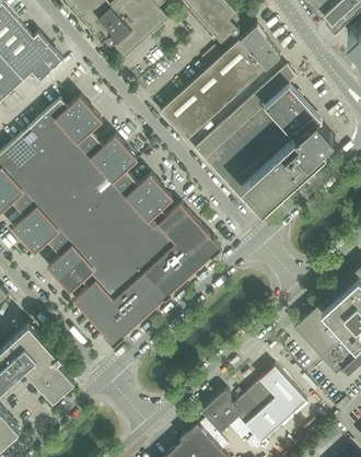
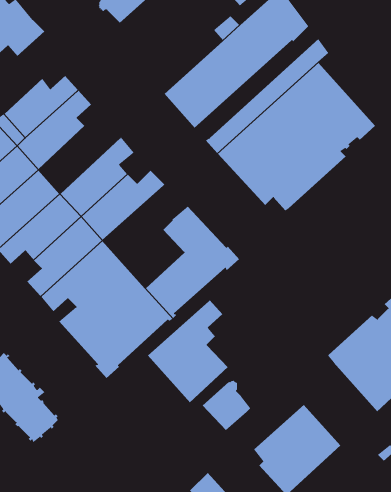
building: [58,136,126,195] -> none
building: [110,187,177,272] -> [147,299,229,403]
building: [201,391,242,433] -> [202,380,251,431]

